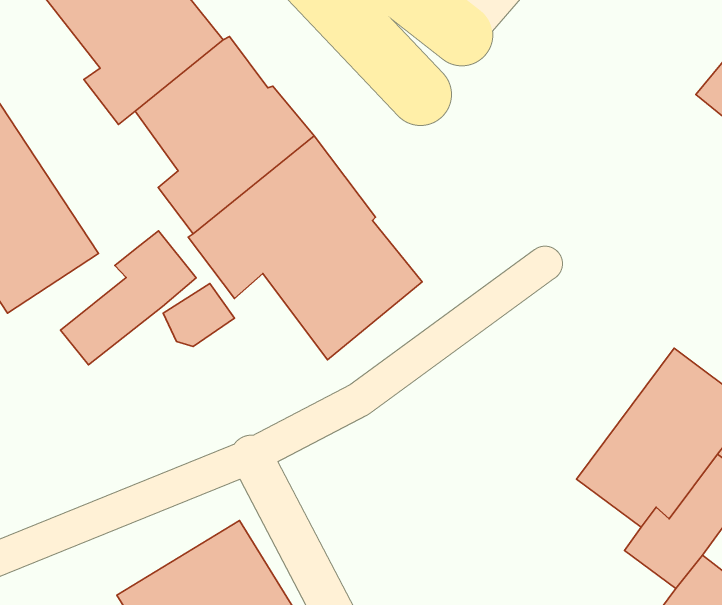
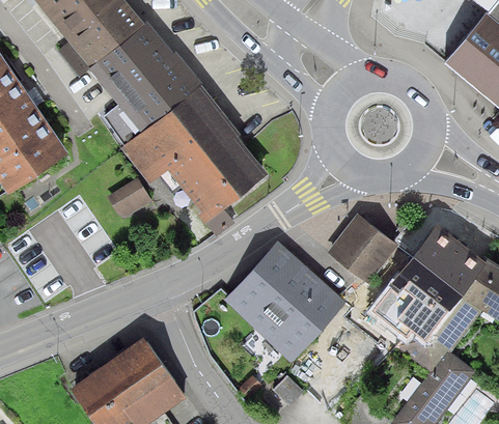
building: [61,231,196,365] -> none
building: none -> [331,215,397,280]
building: none -> [231,246,342,356]

